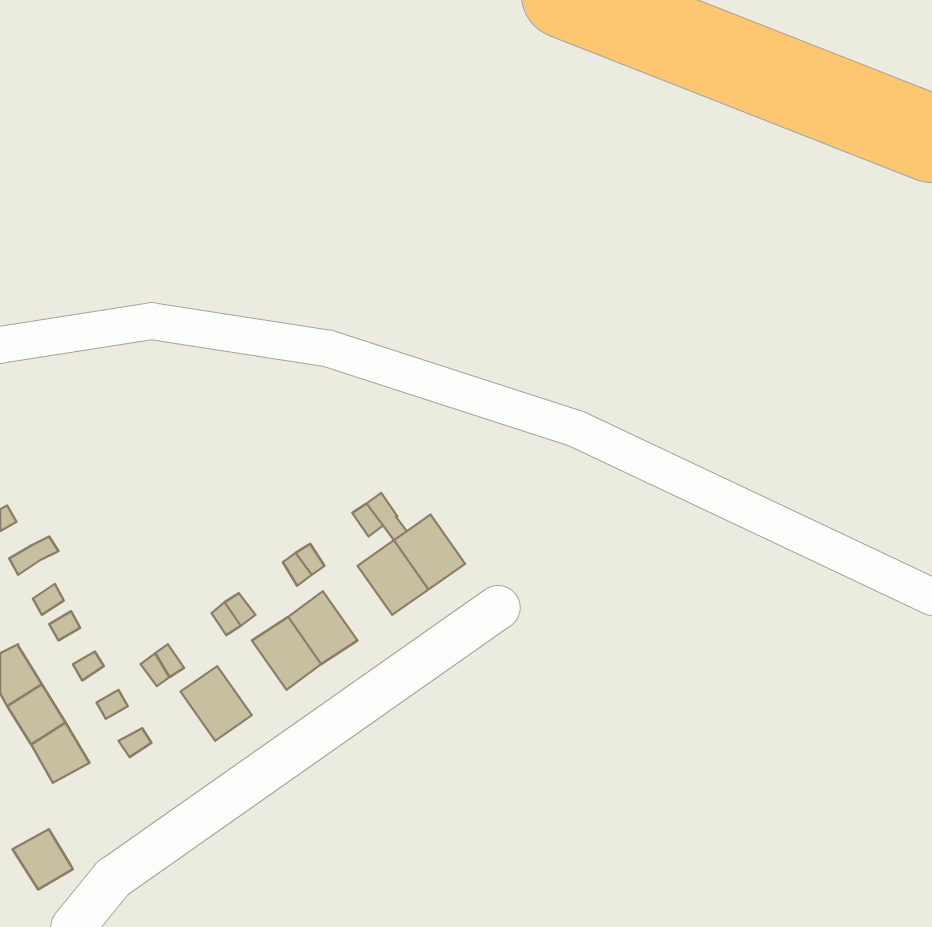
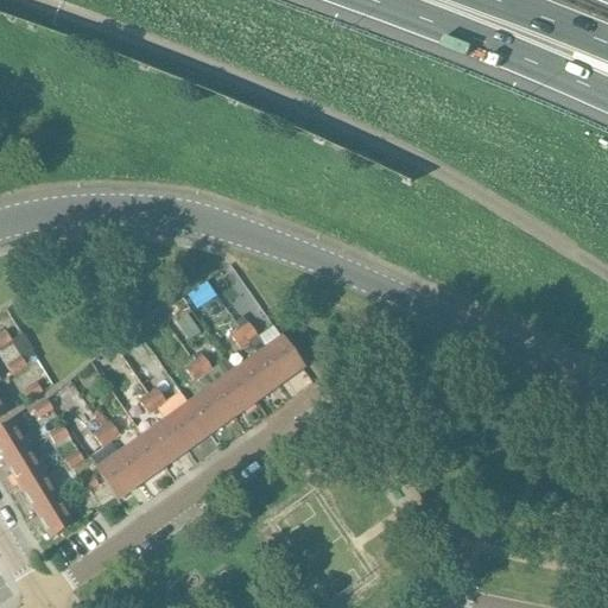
building: none -> [210,368,255,417]
building: none -> [141,417,186,466]
building: none -> [94,450,140,499]
building: [13,829,73,889] -> [34,496,74,536]

